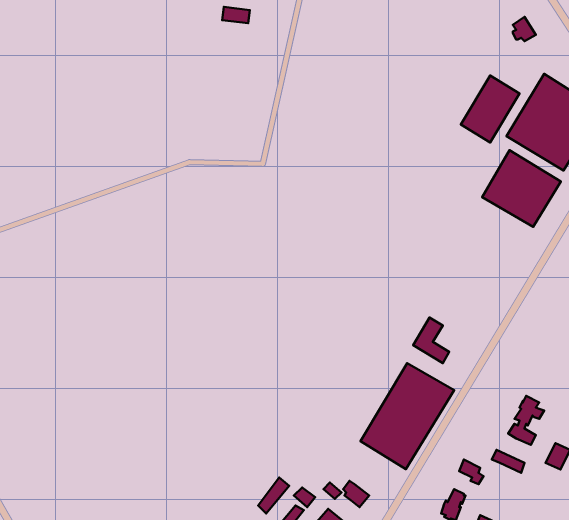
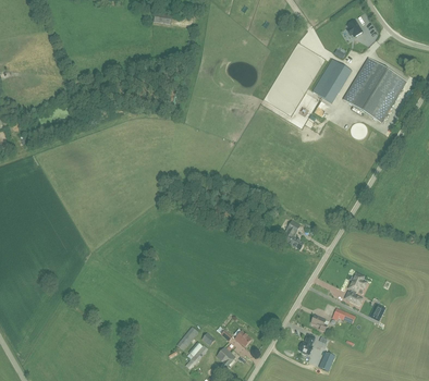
building: [482,150,561,227] -> none
building: [360,363,454,469] -> none

